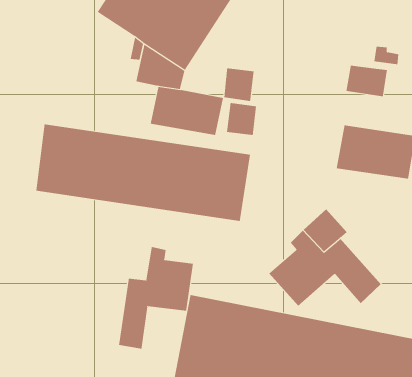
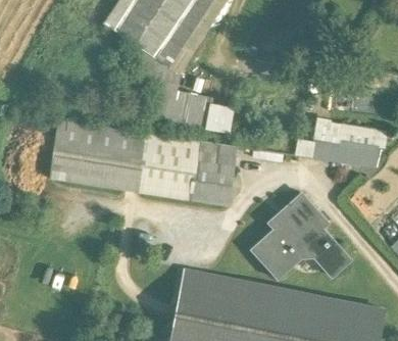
building: [346,65,387,97] -> none
building: [224,68,254,102] -> none
building: [119,246,194,350] -> none

